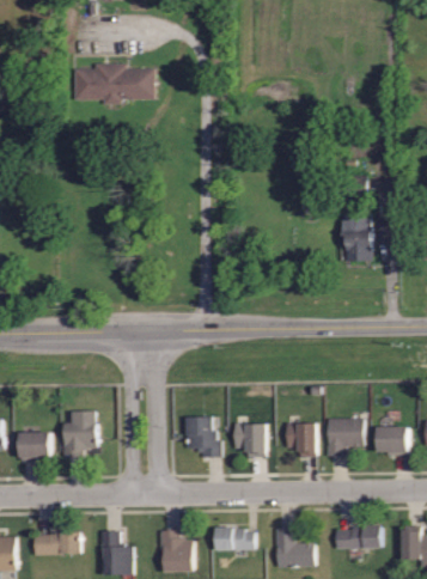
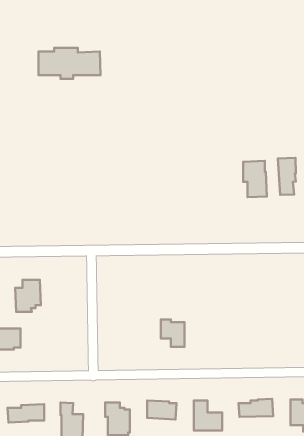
building: none -> [278,158,296,195]
building: [63,413,97,455] -> [15,280,41,312]
building: [188,418,222,457] -> none
building: [325,418,362,456] -> none
building: [285,421,317,457] -> none
building: [376,423,408,455] -> none

